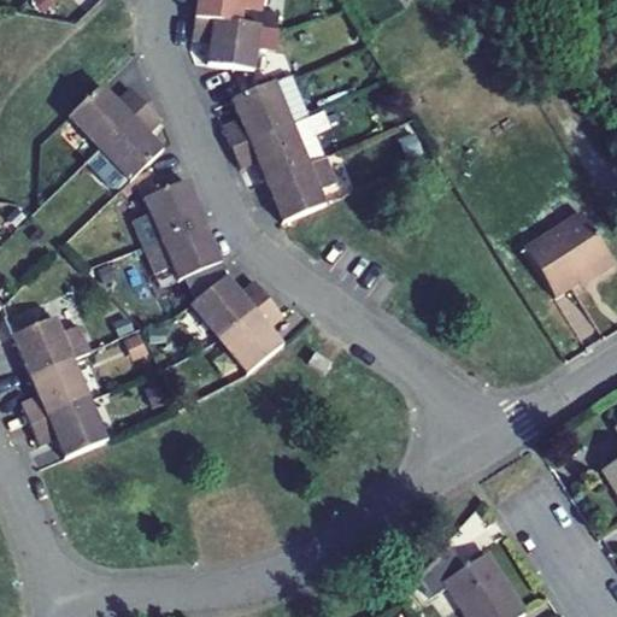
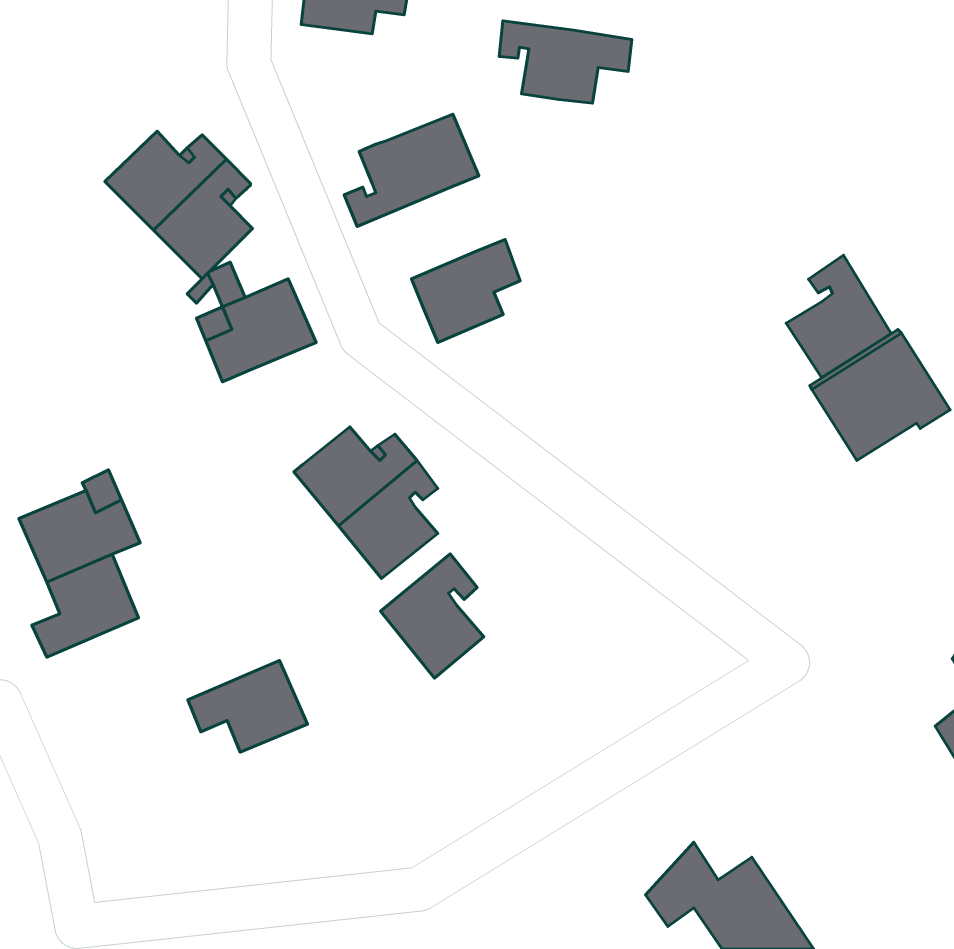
building: [193,16,278,69] -> [499,21,632,103]
building: [231,121,308,180] -> none
building: none -> [786,255,891,377]
building: [145,221,227,299] -> none
building: none -> [380,554,484,678]
building: [31,398,108,457] -> [188,661,307,752]

